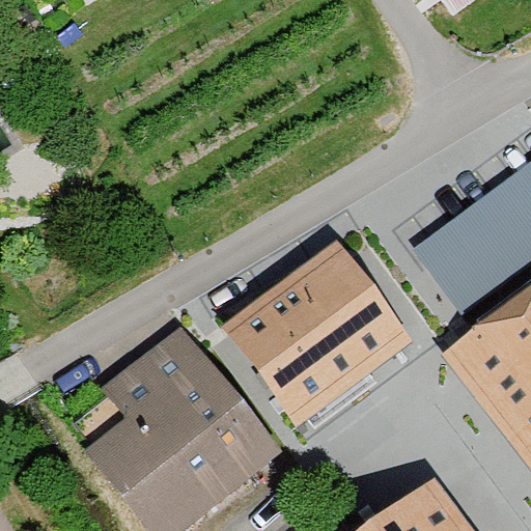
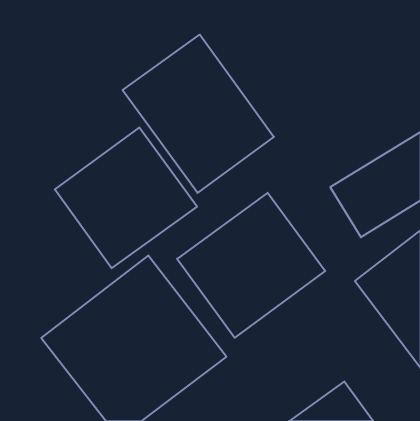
building: none -> [123,35,274,193]
building: none -> [55,127,197,268]

